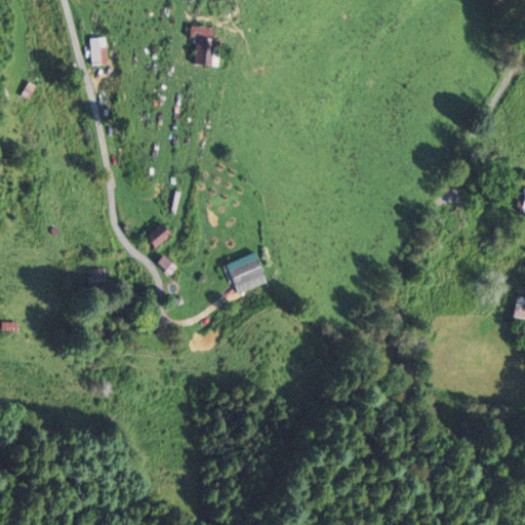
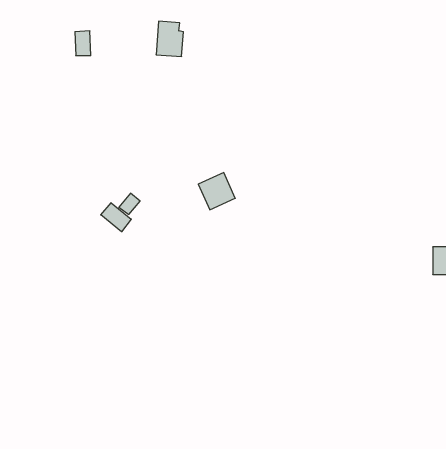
building: none -> [101,203,131,232]
building: [226,251,269,294] -> [198,173,235,210]

